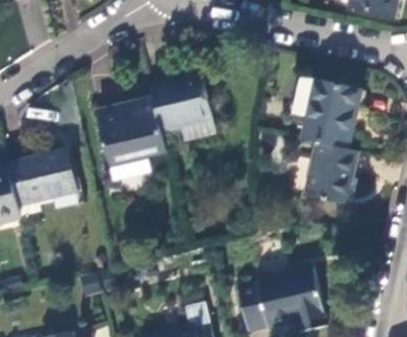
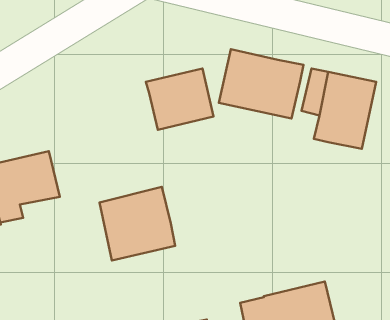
building: none -> [219,49,303,119]
building: [98,99,167,165] -> [99,187,175,260]
building: [305,143,359,206] -> none

